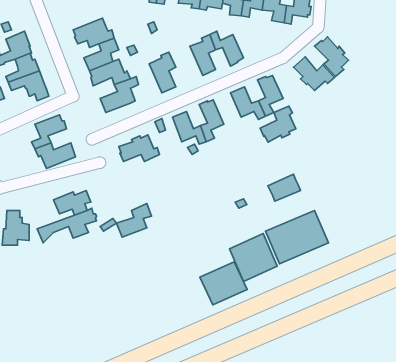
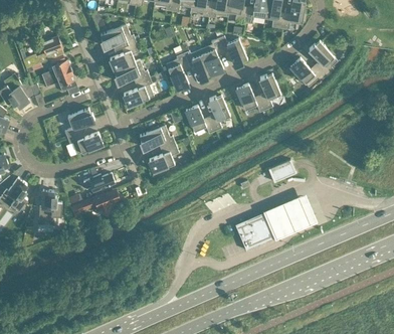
building: none -> [182,48,211,79]
building: [260,106,296,142] -> none
building: [116,203,151,237] -> [148,142,178,171]
building: [200,262,247,305] -> none

